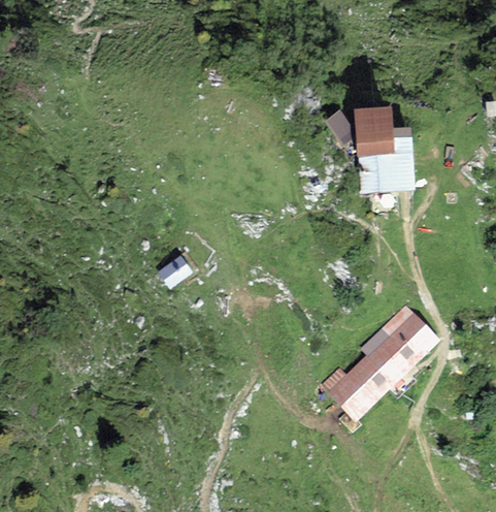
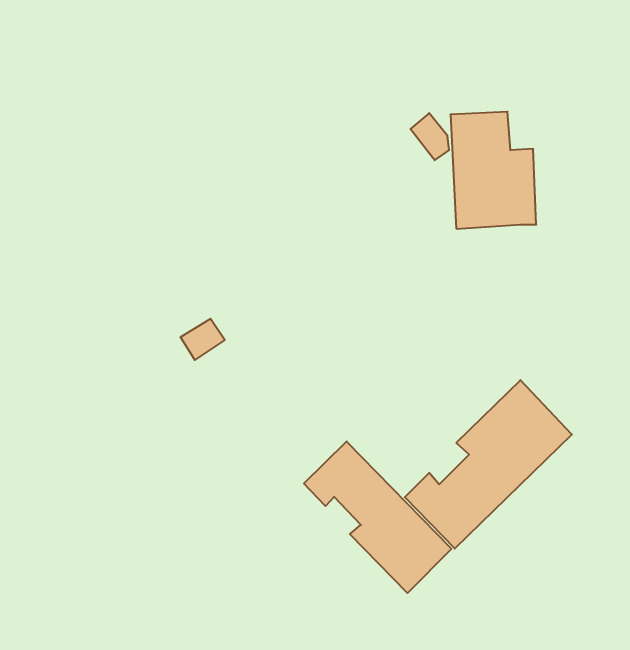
building: none -> [304,441,451,593]

